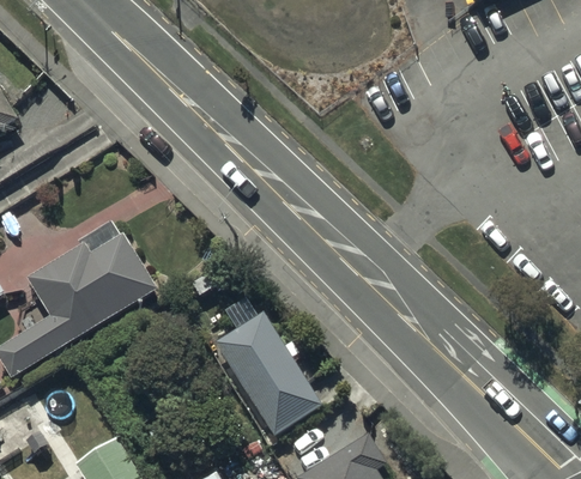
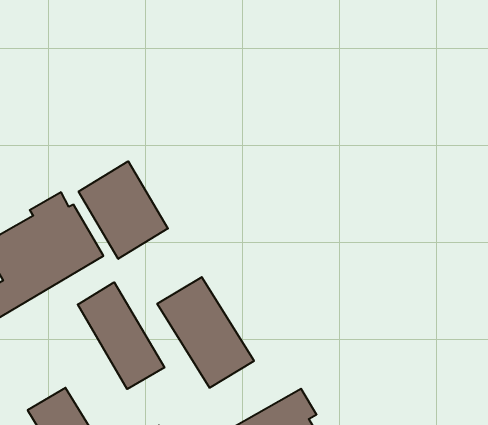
building: none -> [79,161,168,259]
building: none -> [78,282,164,389]

